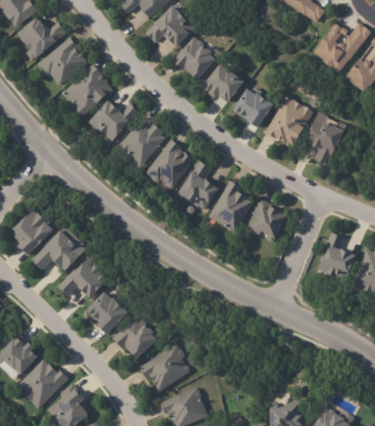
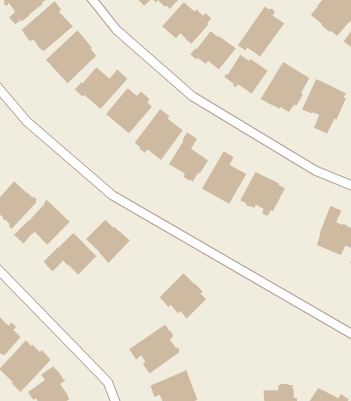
building: none -> [236,6,285,58]
building: [86,290,129,333] -> [85,219,131,264]
building: [113,315,159,359] -> [159,273,207,320]

